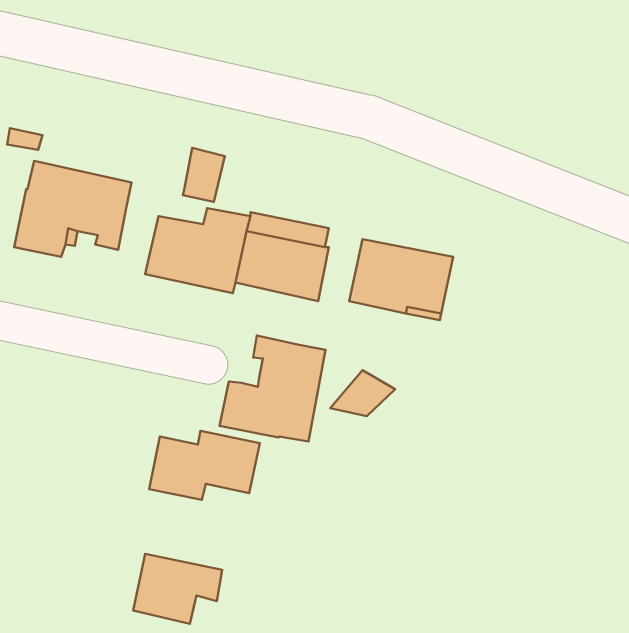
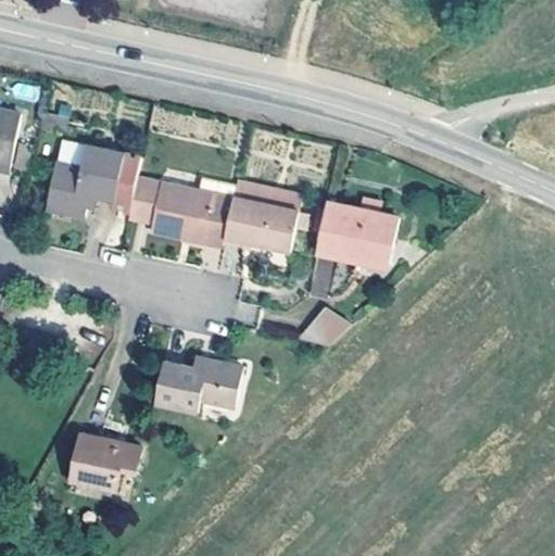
building: [183,148,225,202] -> [127,178,161,222]
building: [219,336,325,442] -> none
building: [133,554,222,624] -> [68,434,140,491]

